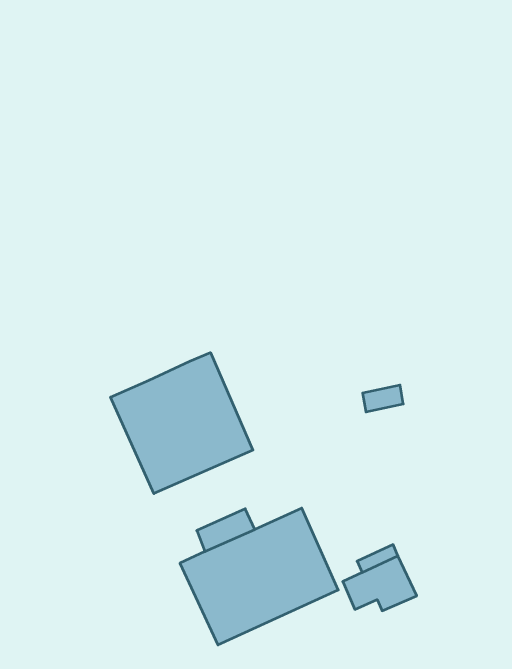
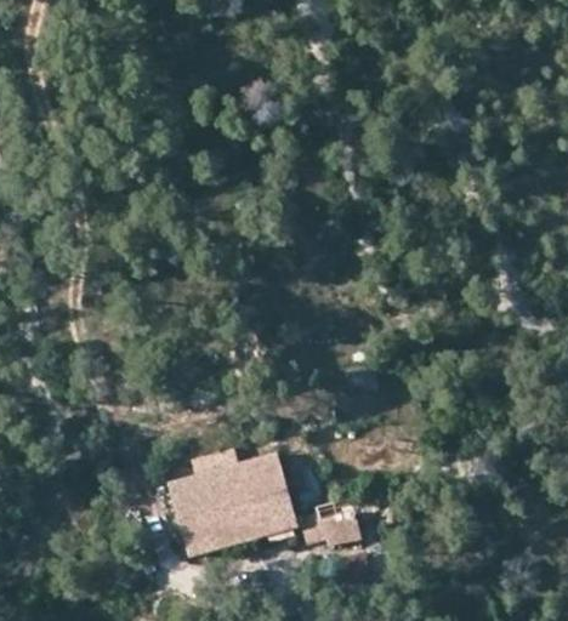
building: [111,353,253,494] -> none

